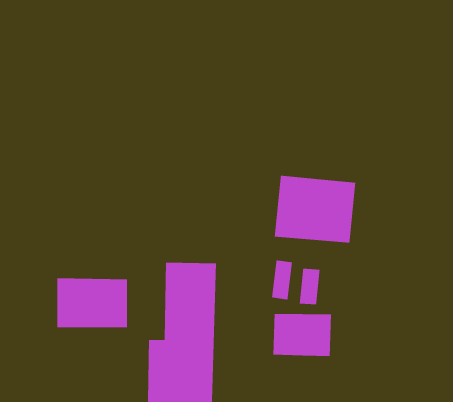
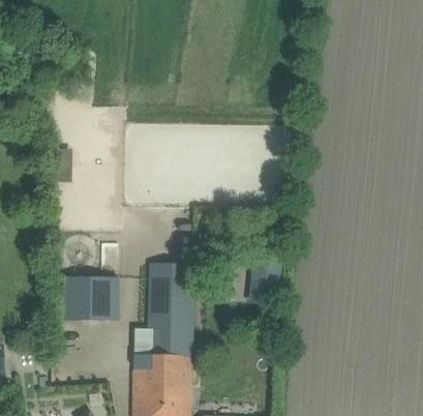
building: [274,175,356,243] -> none
building: [272,313,332,357] -> none

